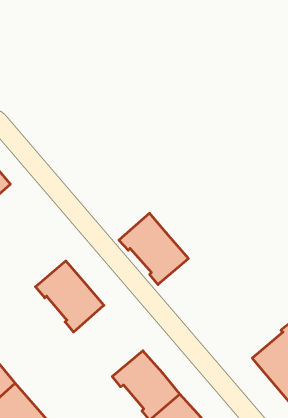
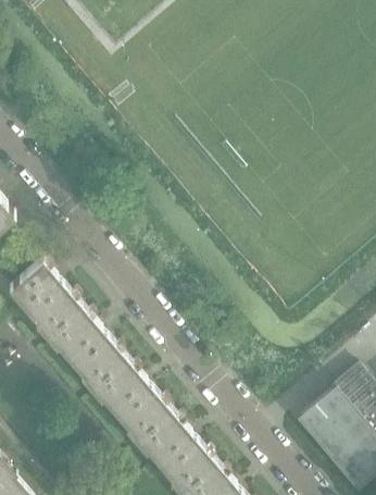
building: [119,213,188,285] -> [90,361,172,445]
building: none -> [9,264,82,339]

